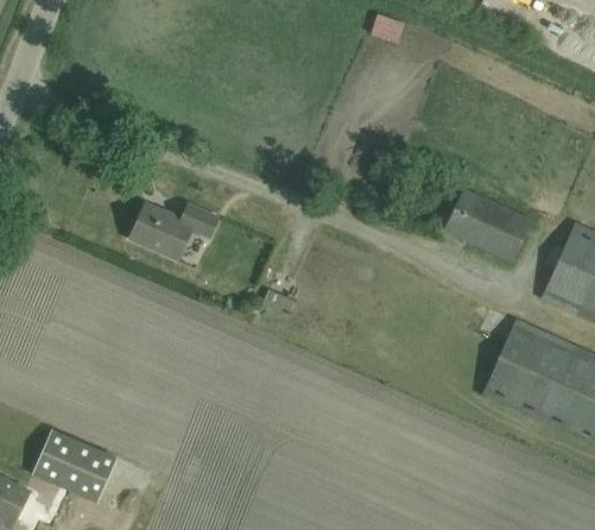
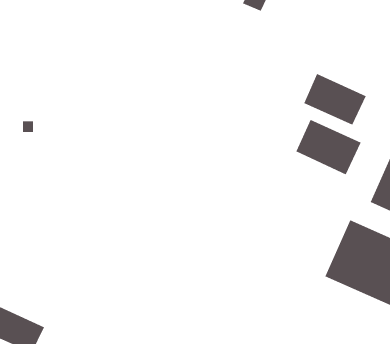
building: none -> [303,73,366,126]
building: [129,203,217,259] -> none

